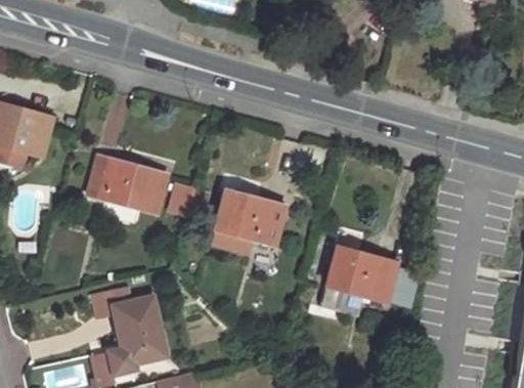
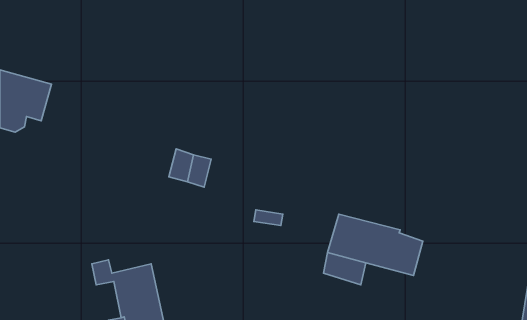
building: [89,156,167,211] -> none
building: [211,190,286,253] -> none

